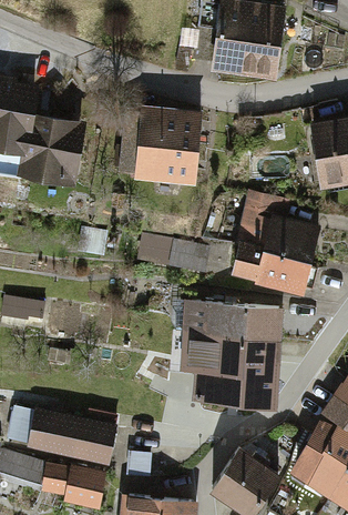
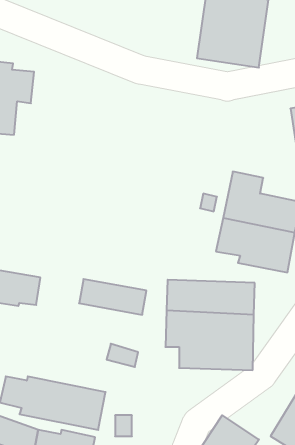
building: [120,107,204,183] -> none
building: [19,117,85,181] -> none
building: [140,236,211,274] -> [79,279,146,315]

